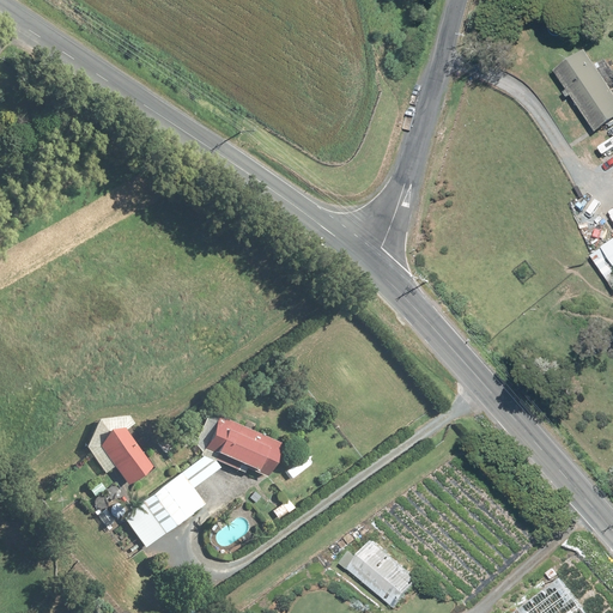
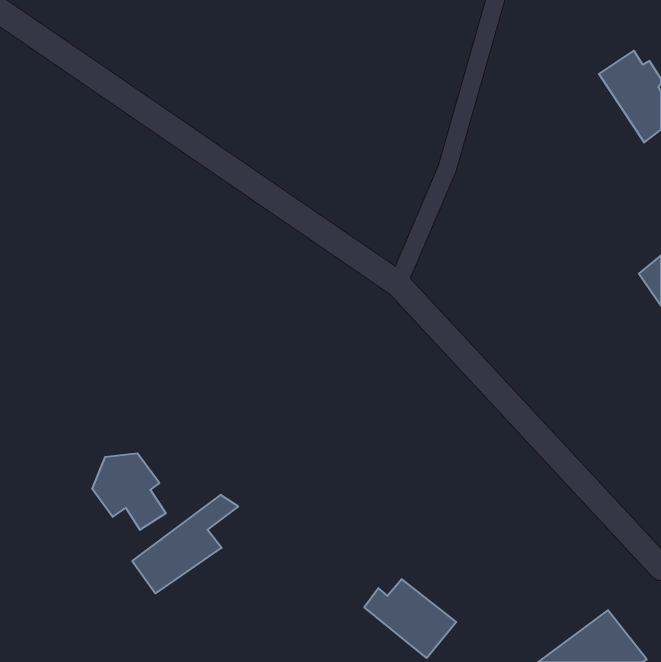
building: [207,419,283,474] -> none

